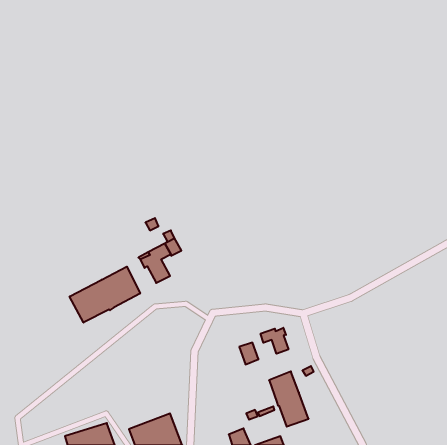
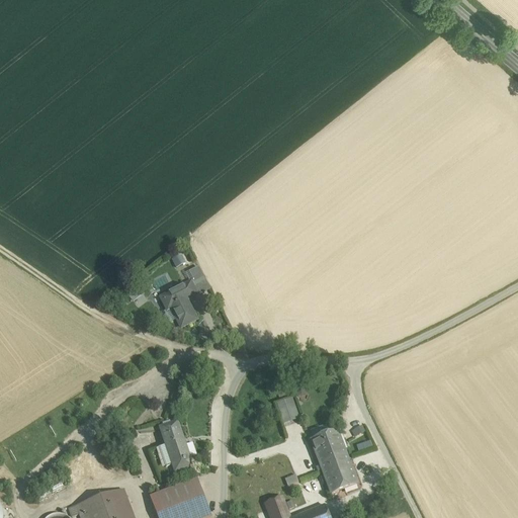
building: [70,267,140,323] -> none
building: [261,328,288,354] -> none
building: none -> [158,420,192,471]

